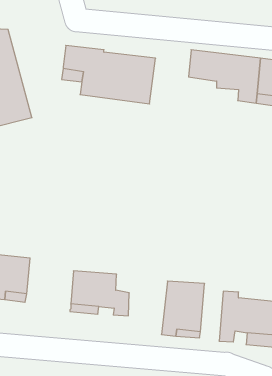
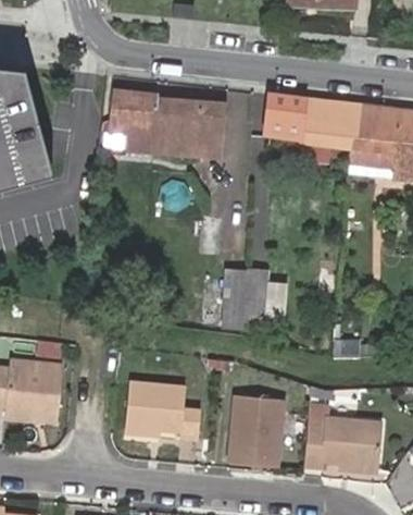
building: none -> [221,269,266,327]

